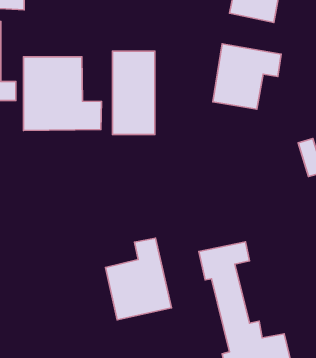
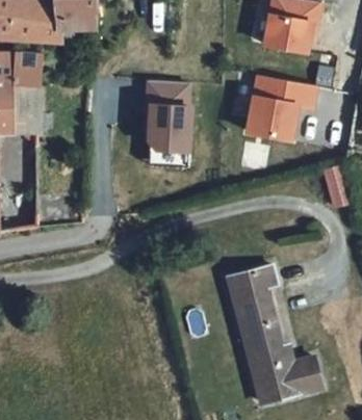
building: [23,57,102,130] -> none
building: [105,238,172,320] -> none

